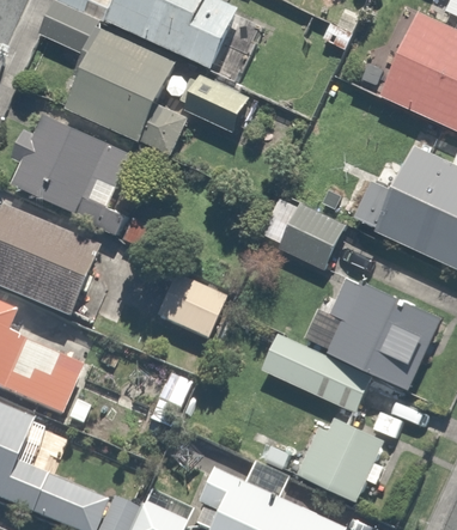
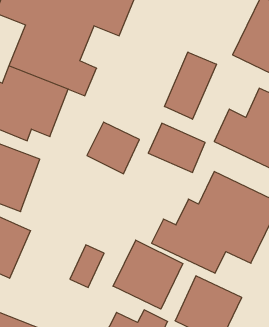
building: [182,66,250,133] -> none
building: none -> [165,52,216,119]
building: [151,268,226,342] -> [87,122,139,174]
building: none -> [113,240,183,309]

